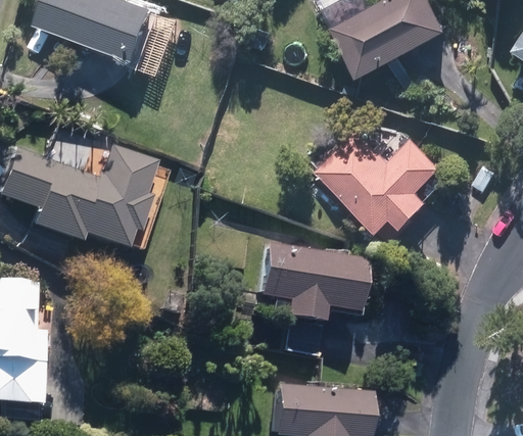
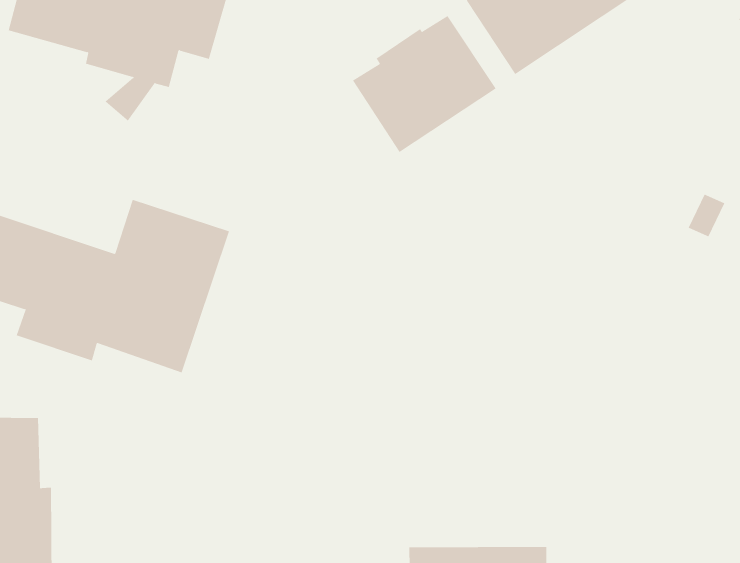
building: none -> [352,15,496,153]
building: [315,119,445,232] -> none
building: [251,244,359,323] -> none

